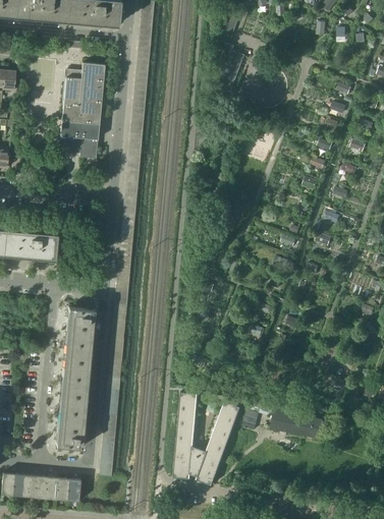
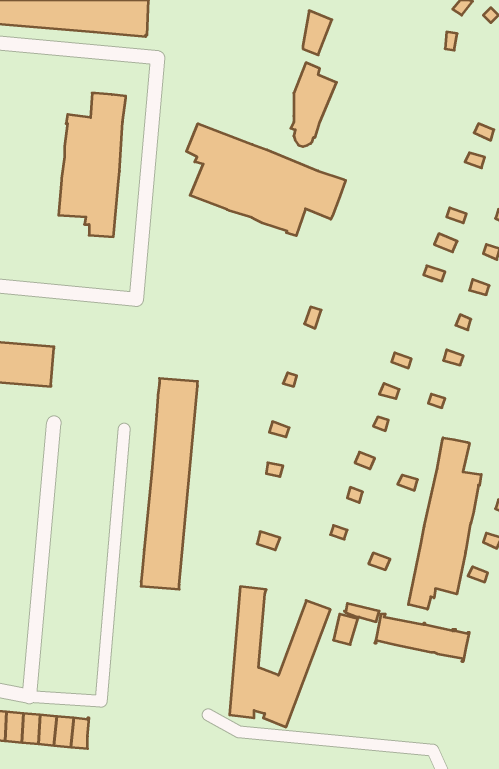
building: none -> [186,124,346,236]
building: none -> [408,438,481,609]
building: [57,307,95,448] -> [141,378,198,589]

